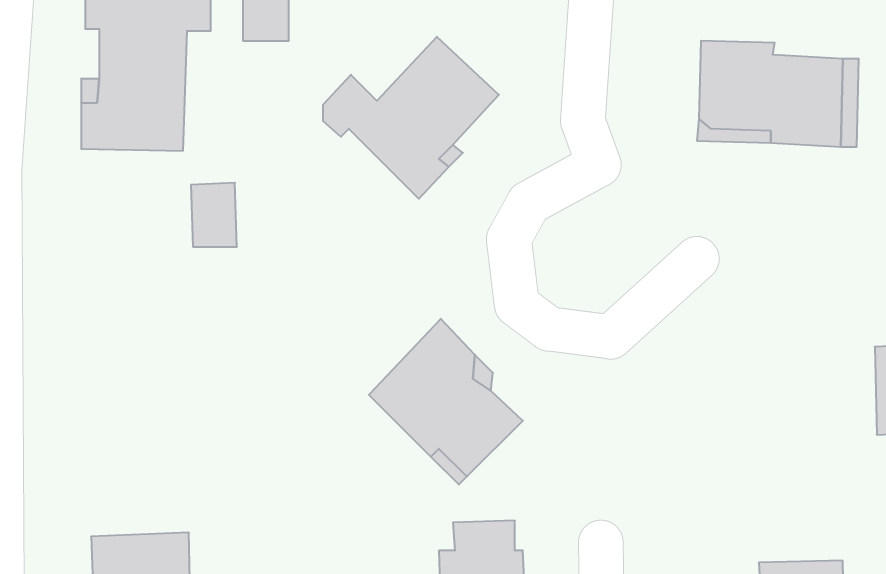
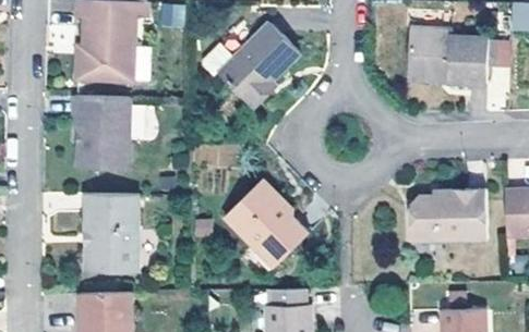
building: none -> [70,98,127,170]
building: none -> [408,188,489,243]
building: none -> [82,195,136,273]

